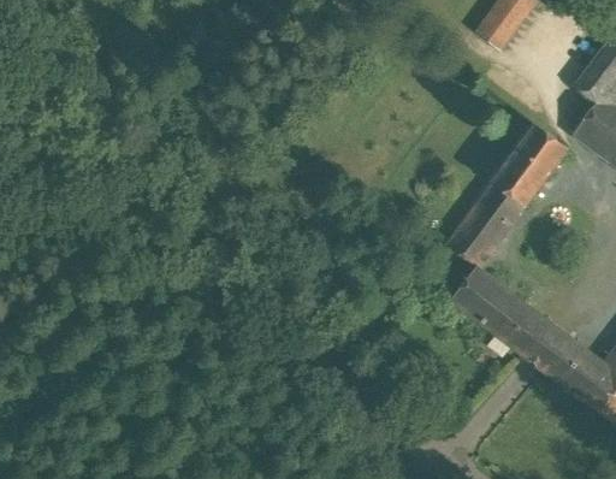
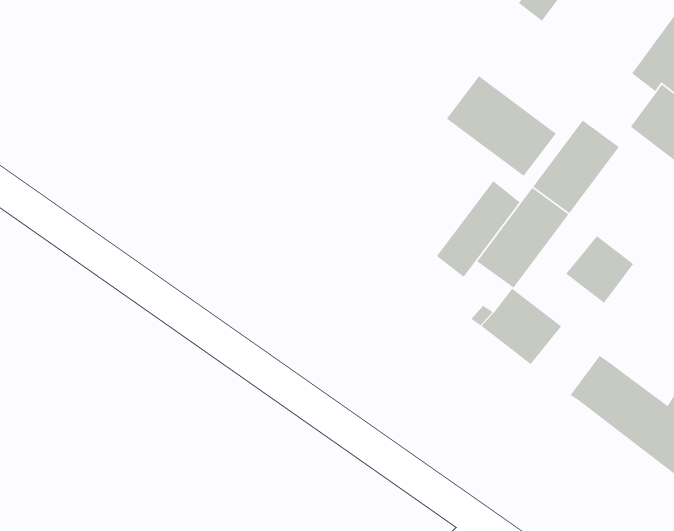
building: none -> [446,75,557,177]
building: none -> [436,180,521,278]
building: [492,298,550,356] -> [565,235,634,304]

